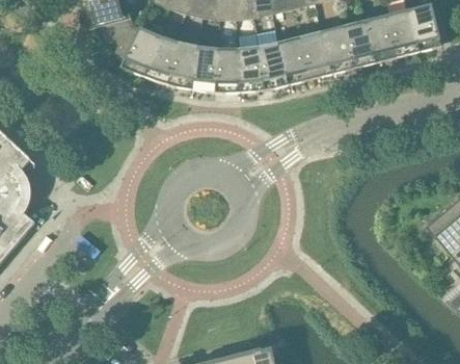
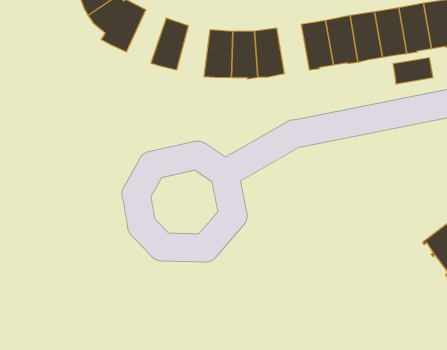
building: [144,35,178,83] -> none
building: [278,37,310,83] -> none
building: [191,47,218,92] -> none
building: none -> [393,58,433,84]

